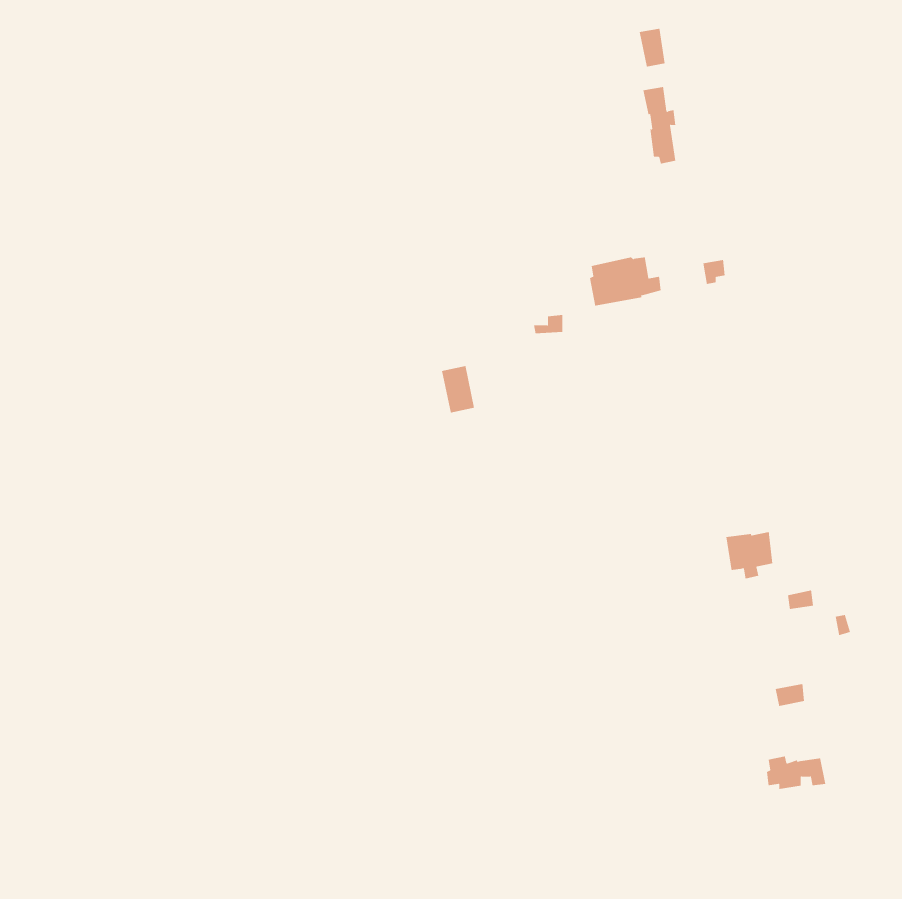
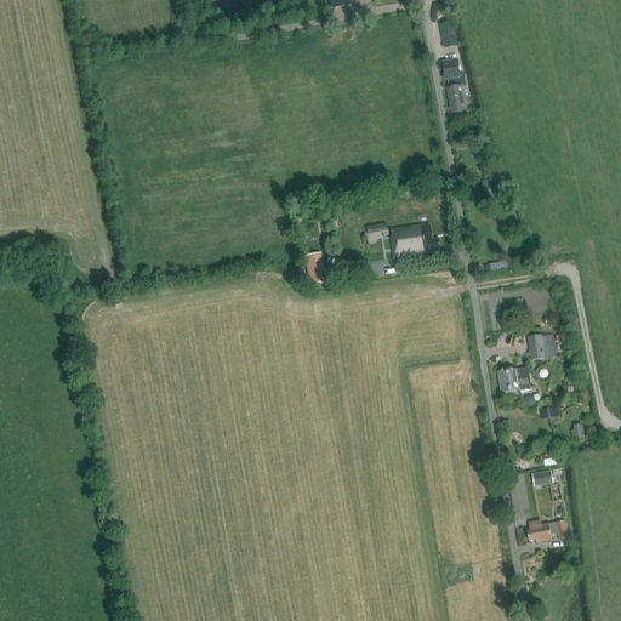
building: [589,257,661,306] -> [391,223,440,257]
building: none -> [529,334,557,359]

